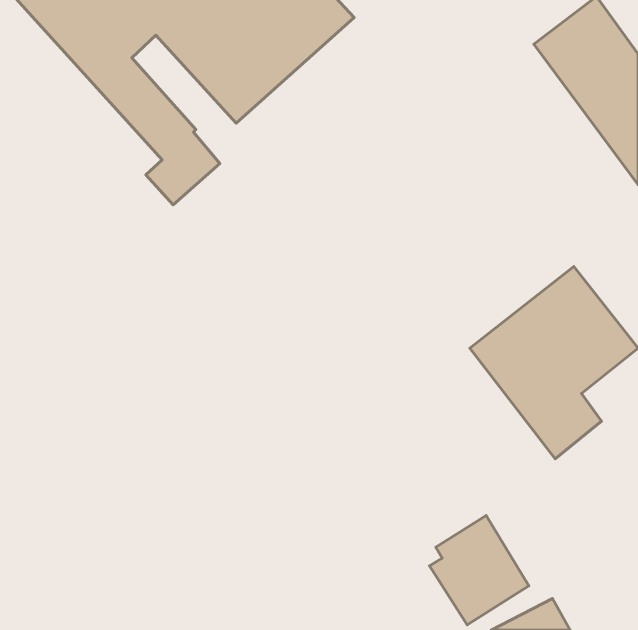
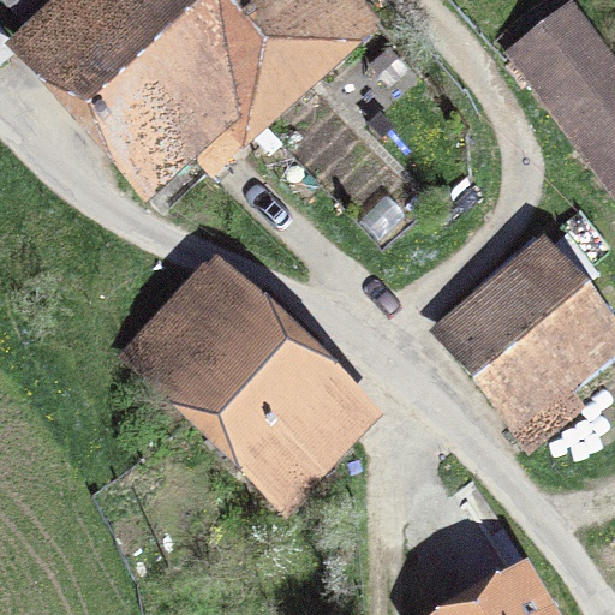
building: none -> [130,275,345,486]

